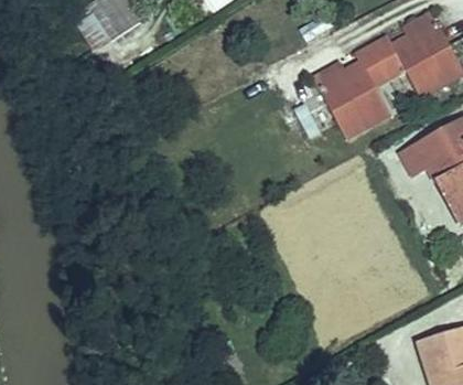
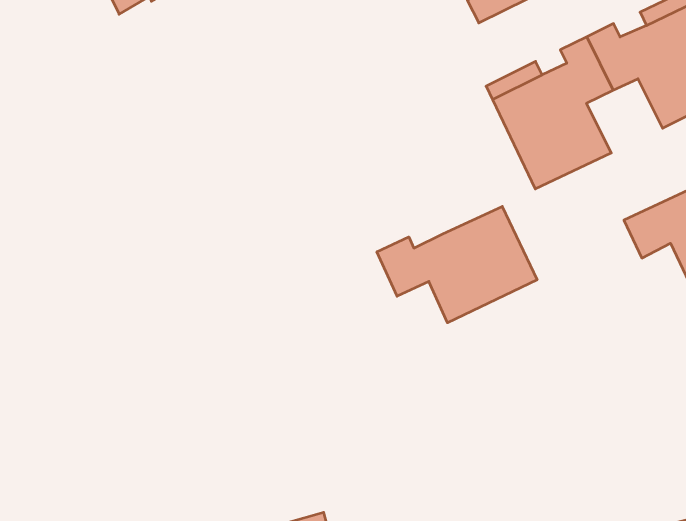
building: none -> [377,206,537,323]

